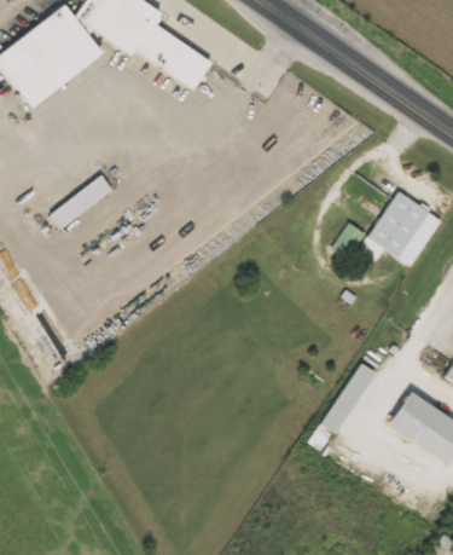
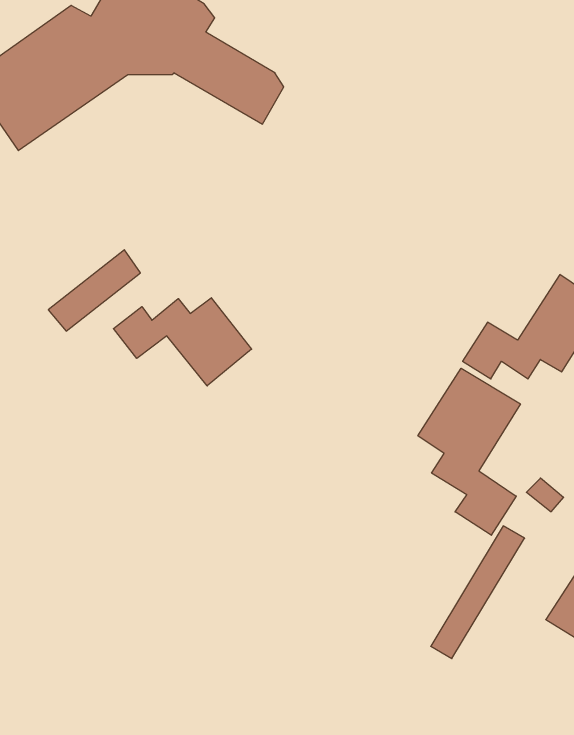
building: none -> [113,298,252,386]
building: none -> [418,368,520,535]

